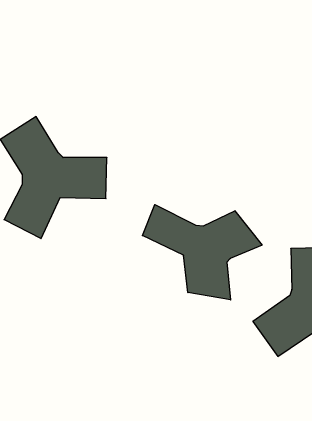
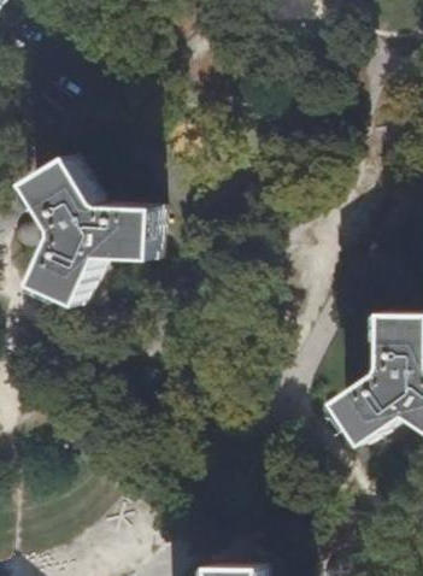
building: [142,205,262,300] -> none

